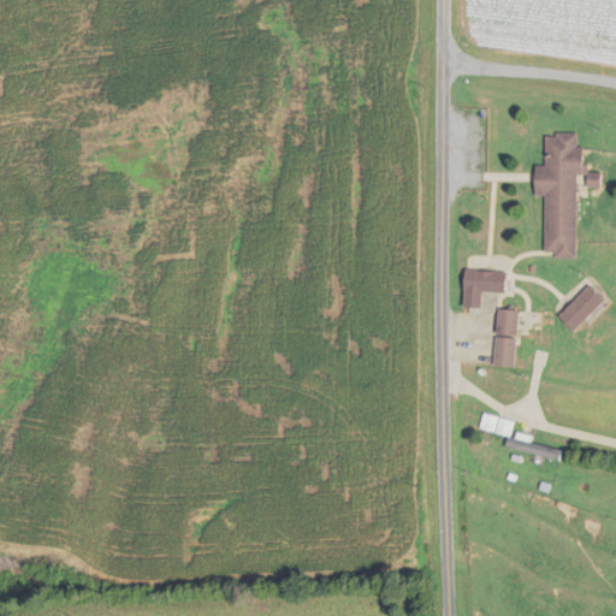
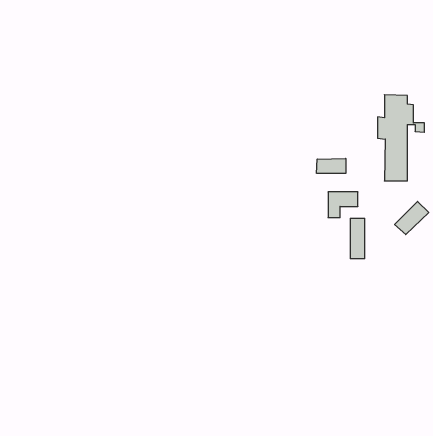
building: none -> [317,158,346,173]
building: [479,414,561,460] -> none

